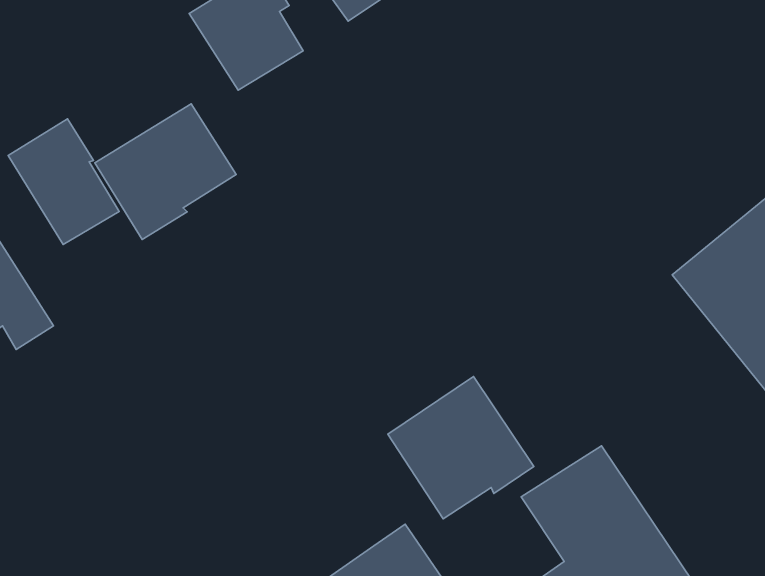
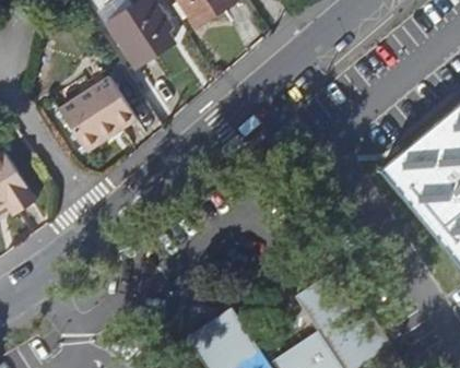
building: [8,119,119,245] -> none
building: [388,376,534,519] -> none

